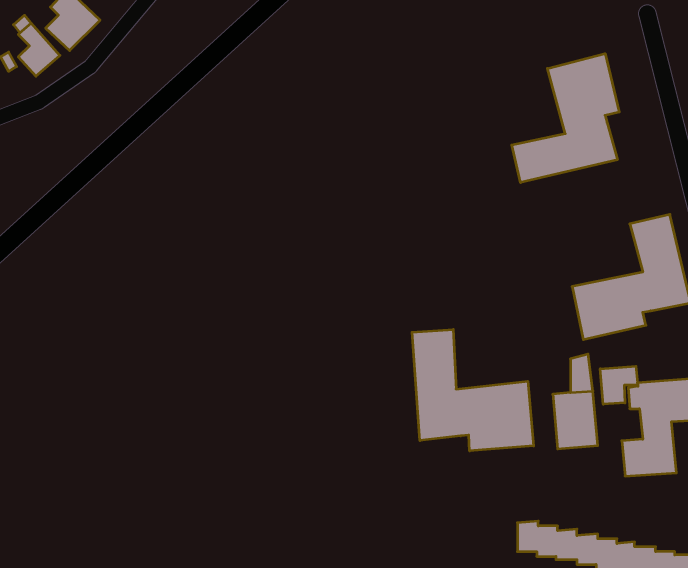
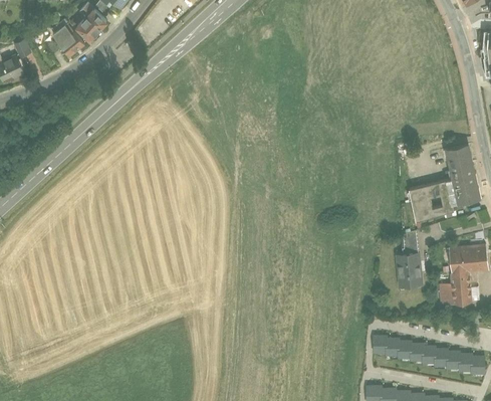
building: [512,54,619,183] -> none
building: [412,329,534,451] -> none
building: [600,366,637,404] -> none

